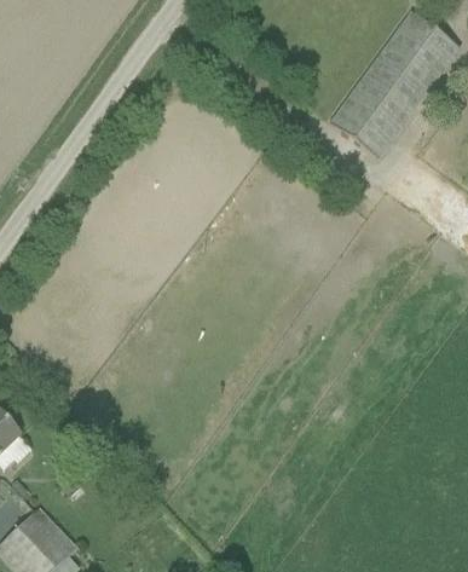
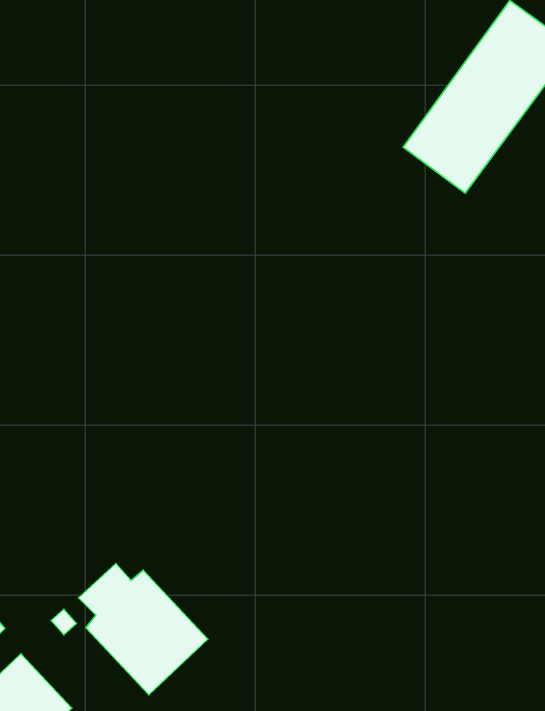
building: none -> [79,564,208,695]

